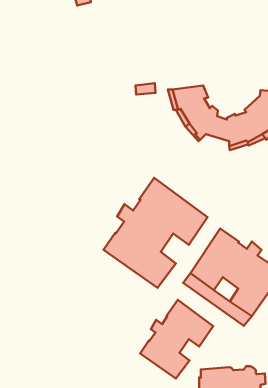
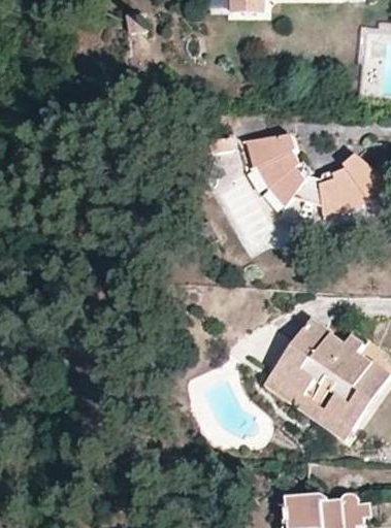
building: [104,178,208,288] -> none
building: [140,300,213,379] -> none

